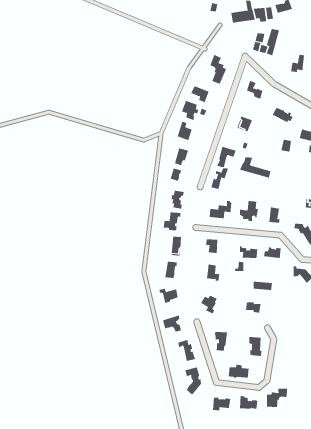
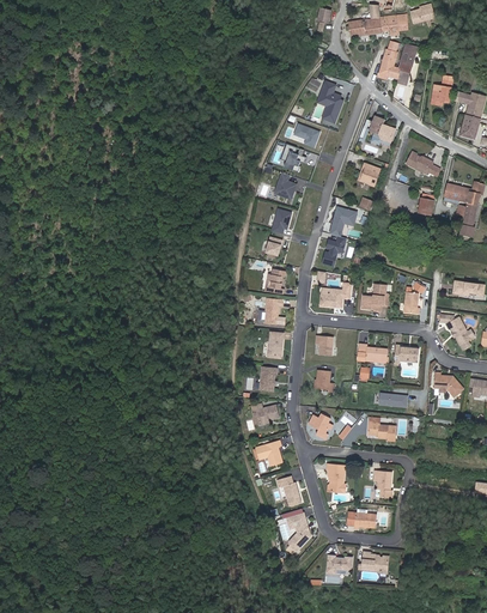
building: [240,156,271,178] -> none
building: [266,388,288,408] -> none

